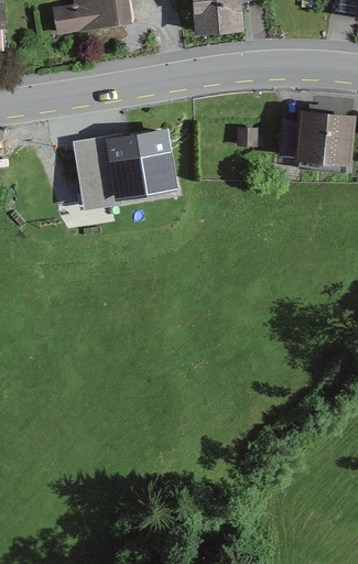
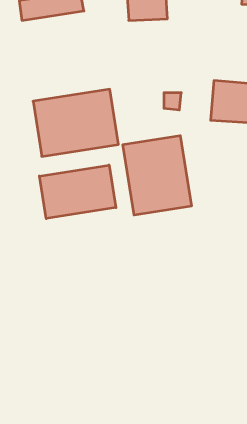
building: none -> [123,136,191,215]
building: none -> [39,165,116,219]

